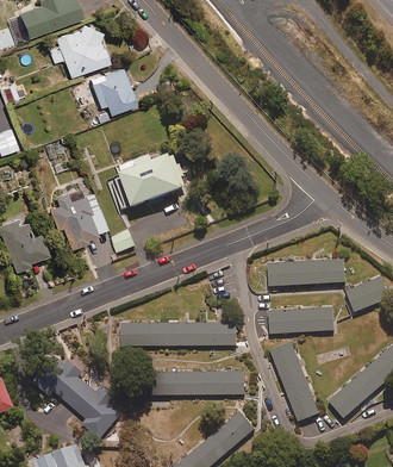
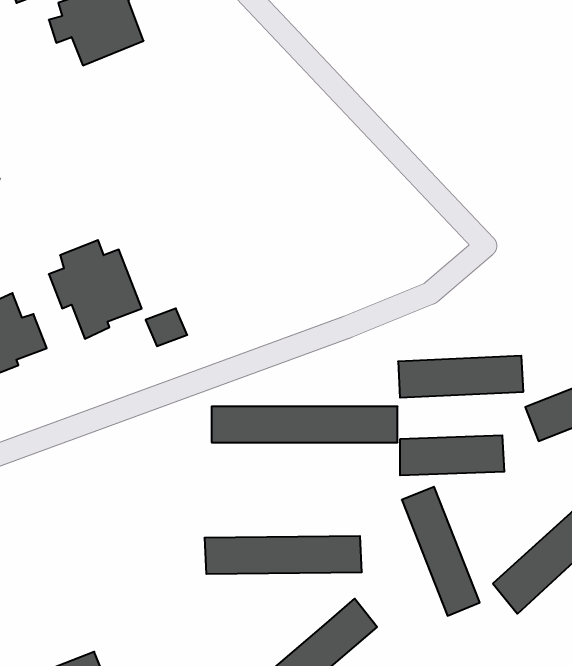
building: [88,67,136,113] -> none
building: [108,154,182,212] -> none
building: [120,323,237,345] -> [212,406,398,442]
building: [32,356,123,438] -> none

